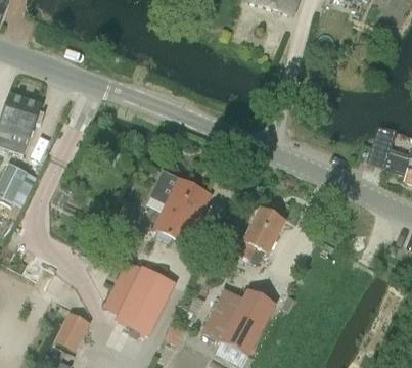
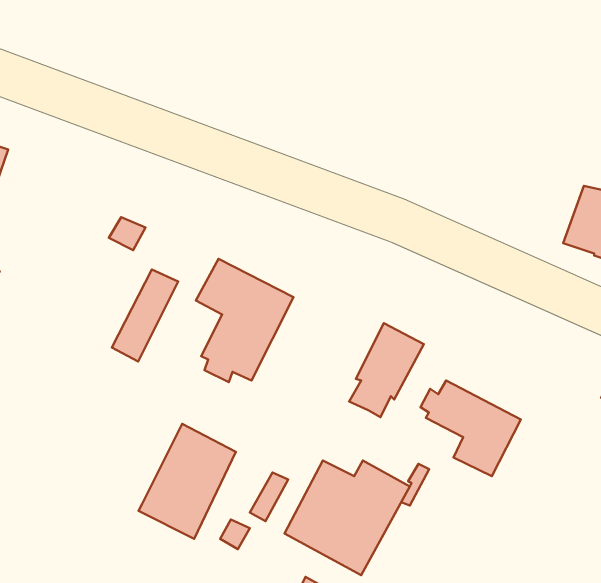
building: none -> [421,381,521,476]
building: [103,259,142,313] -> [112,269,178,362]
building: [55,312,89,351] -> none

